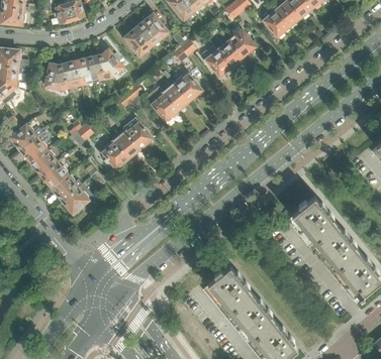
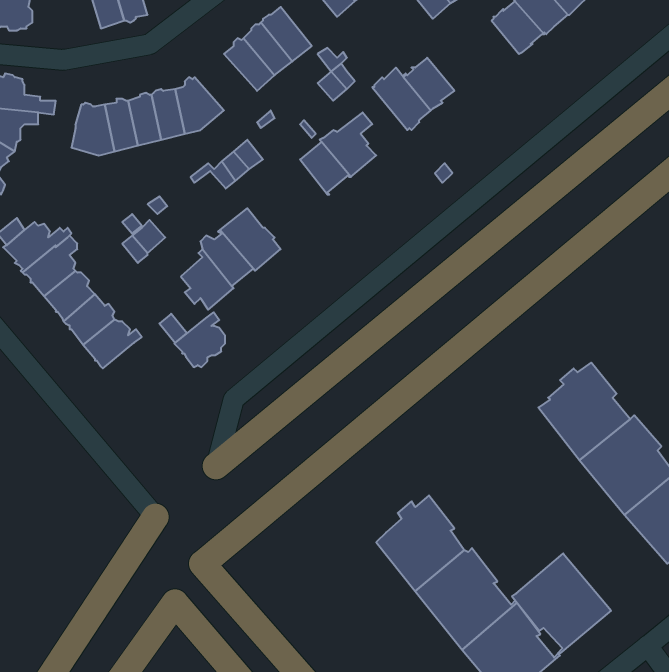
building: [229,26,257,56] -> none
building: [152,91,178,121] -> none
building: [62,184,88,212] -> [174,312,225,367]
building: none -> [512,553,611,654]

